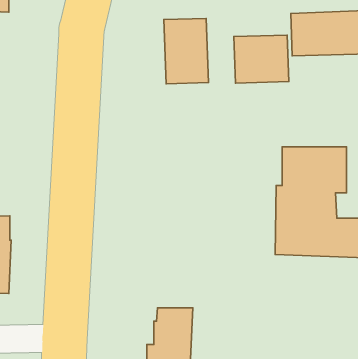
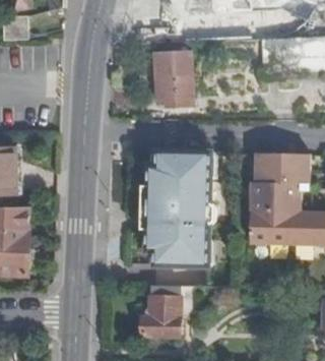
building: [234,35,289,83] -> none
building: none -> [147,147,213,265]

